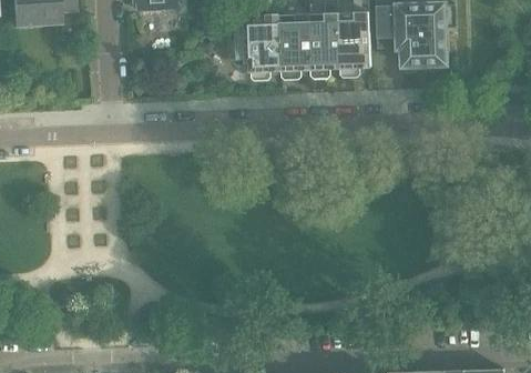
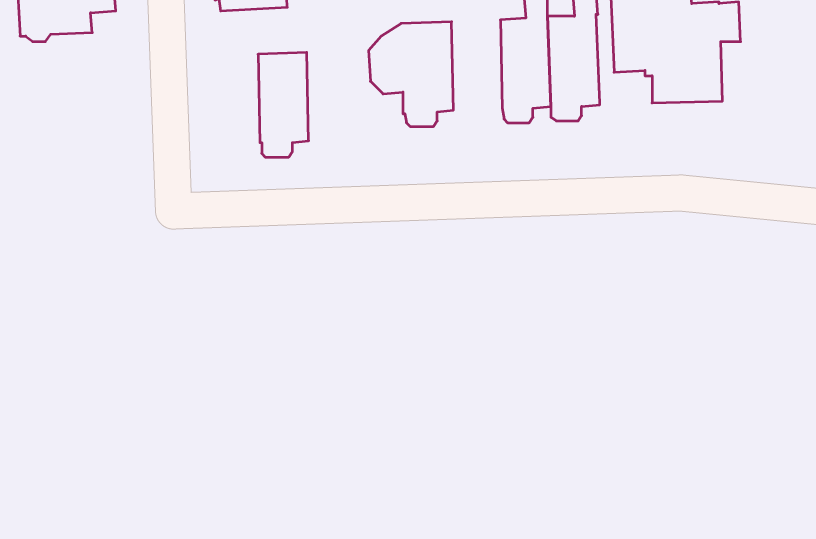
building: [280,17,312,81] -> [258,52,309,157]

